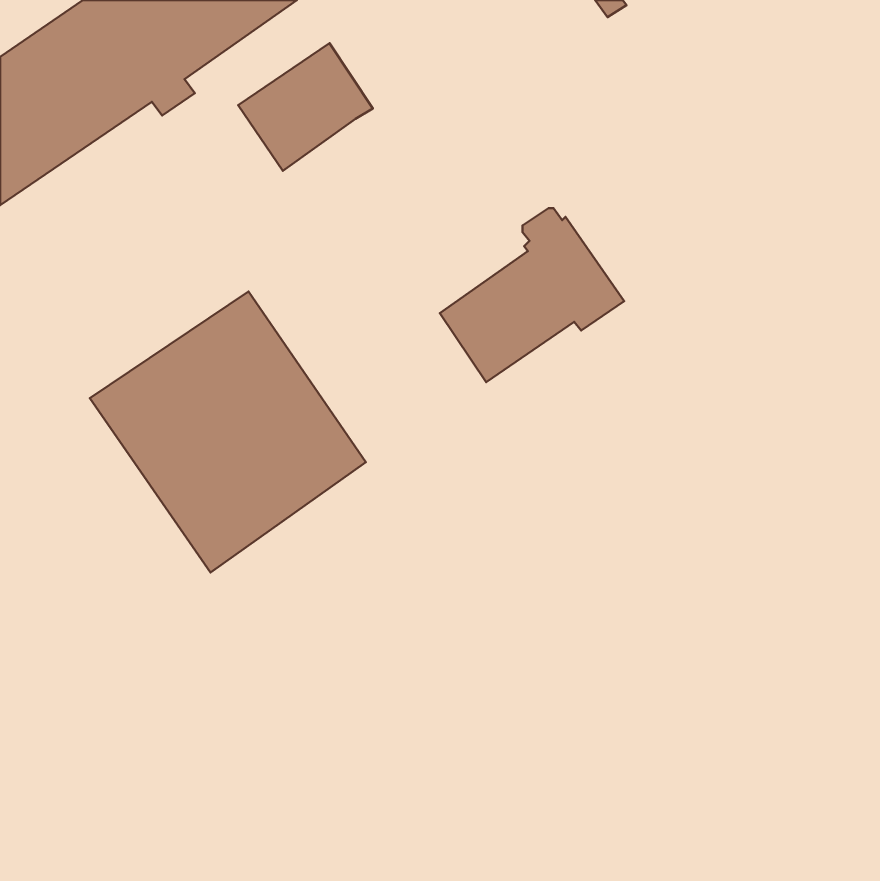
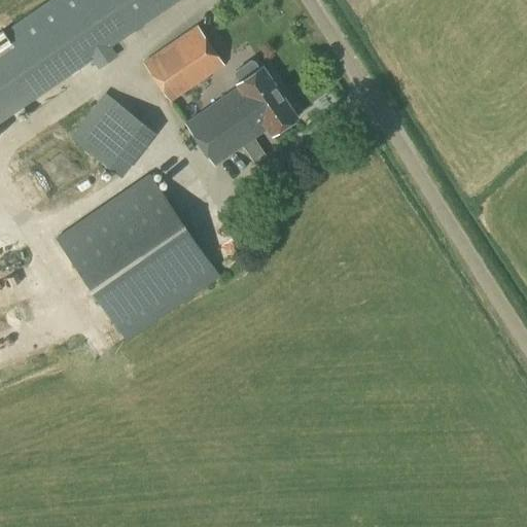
building: none -> [69,91,155,177]
building: [440,208,624,382] -> [186,61,296,165]

